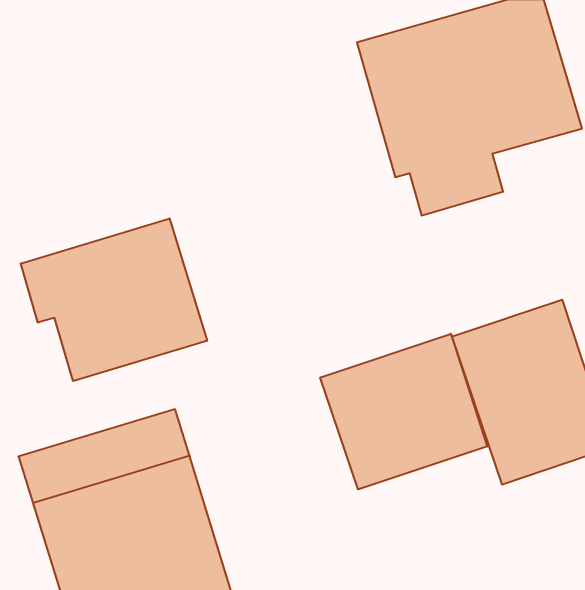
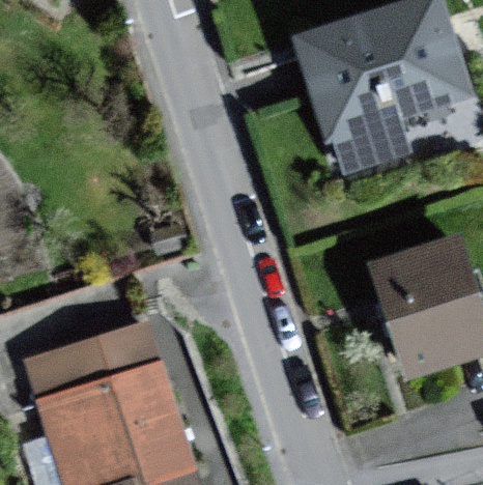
building: [21,218,207,381] -> none
building: [320,334,487,489] -> none

